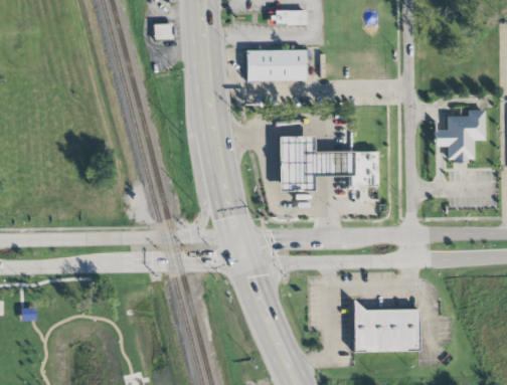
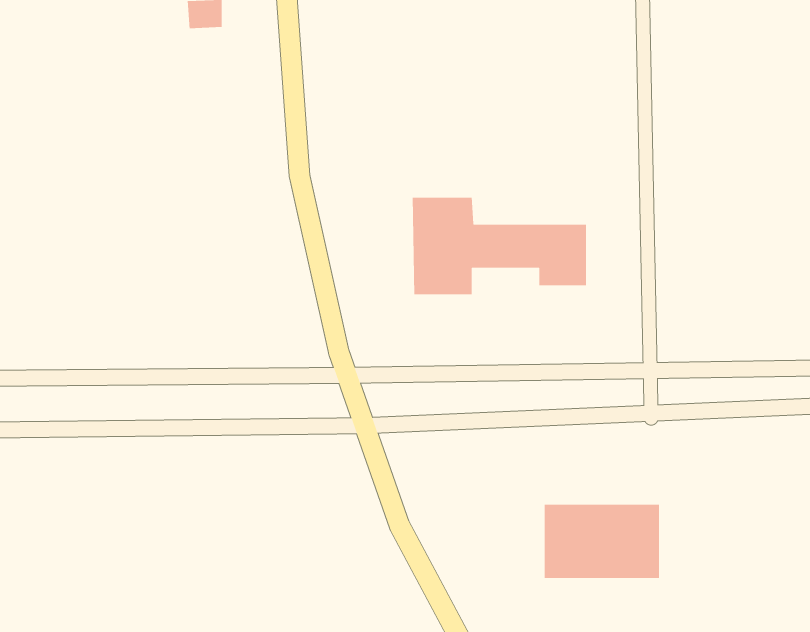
building: [245,49,306,80] -> none
building: [436,108,486,160] -> none

